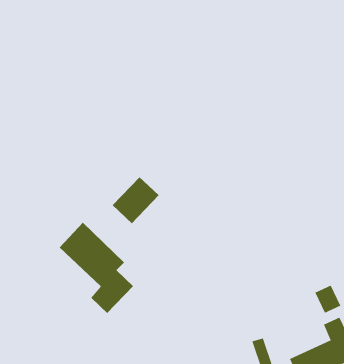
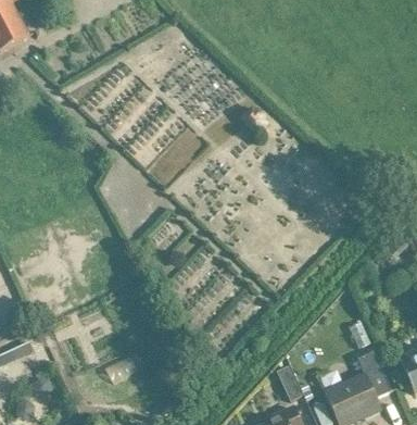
building: [59,222,134,314] -> none

